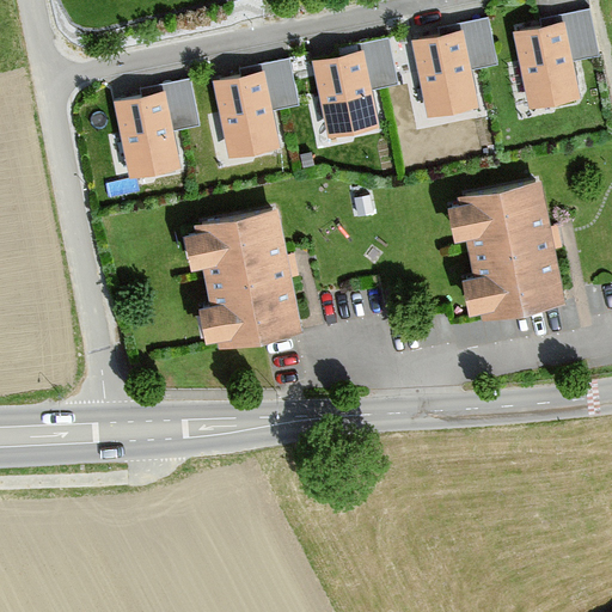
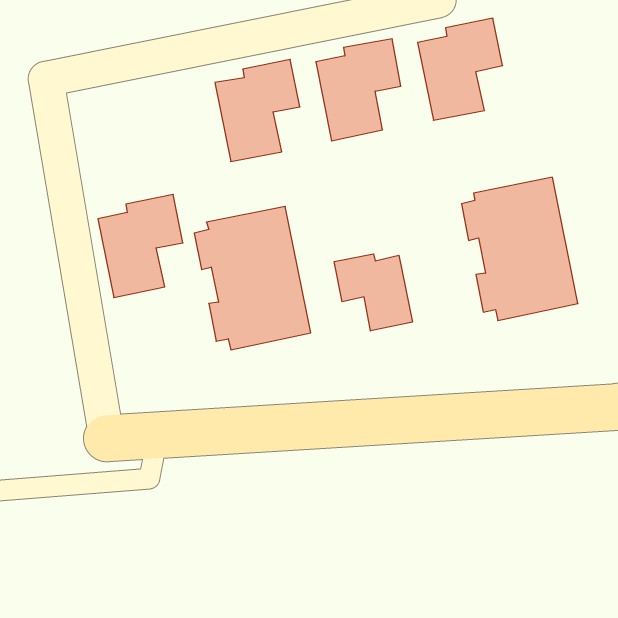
building: [512,8,595,110] -> none
building: [114,81,197,183] -> [98,194,183,298]
building: none -> [334,254,412,331]

